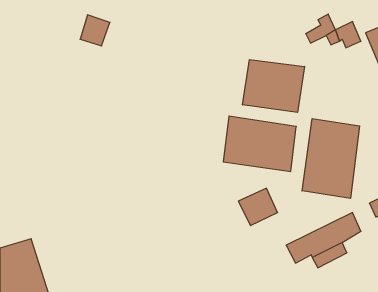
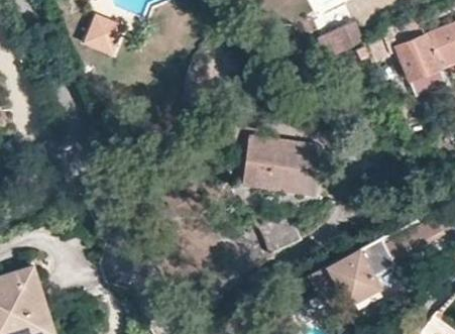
building: [243,60,304,112] -> none
building: [302,119,360,198] -> none

